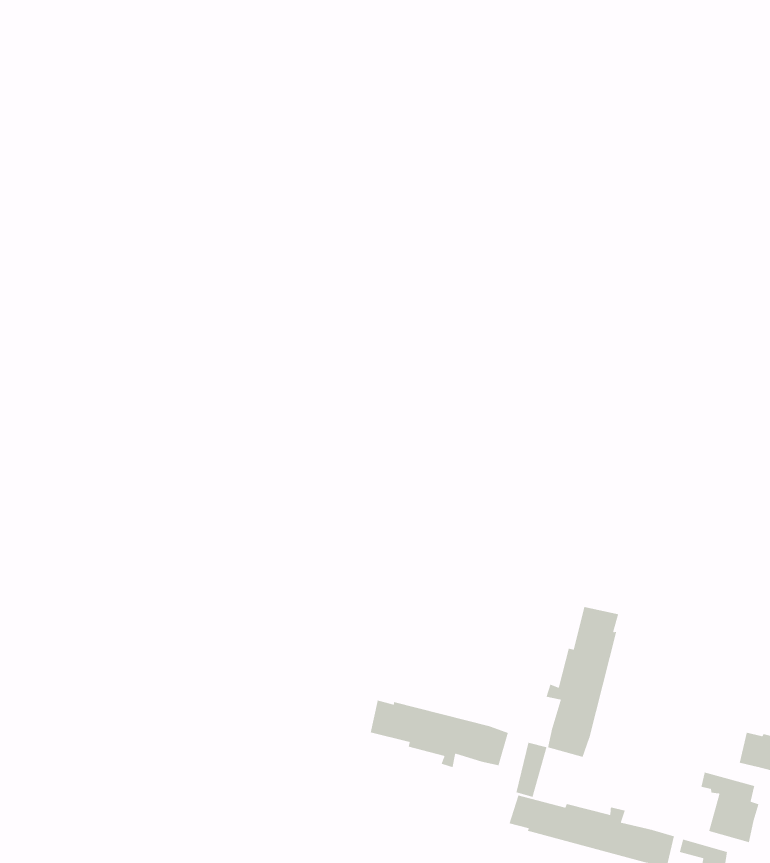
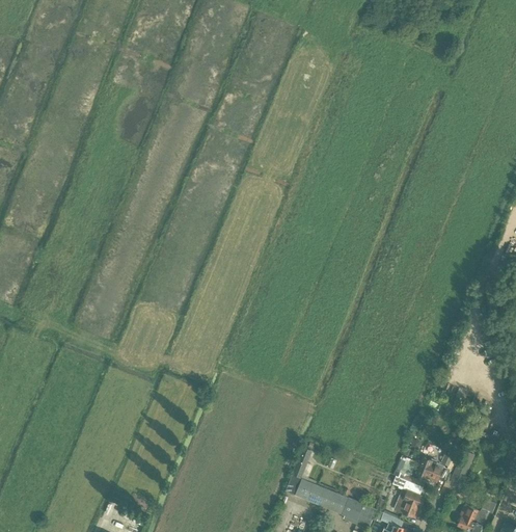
building: [545,606,619,758] -> none
building: [370,700,509,768] -> none

